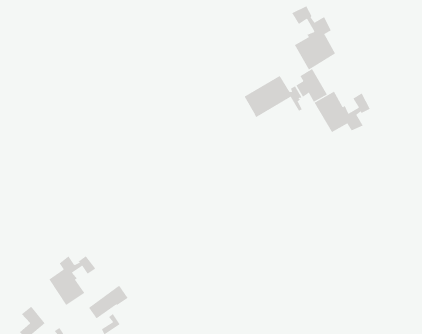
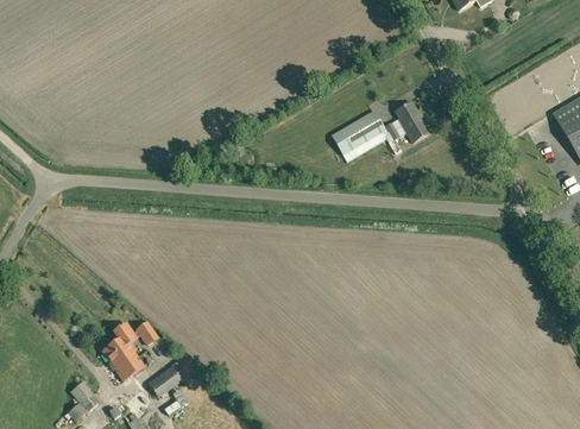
building: [292,6,336,70] -> none
building: [314,91,370,133] -> none

